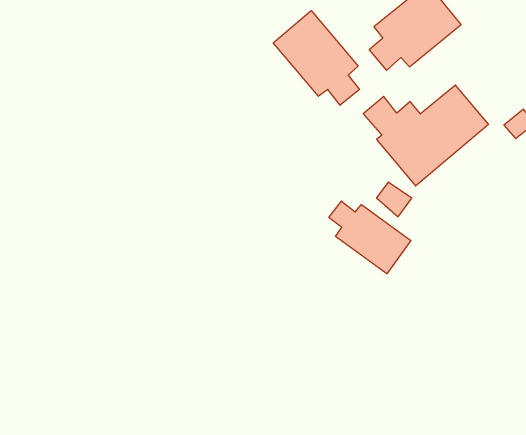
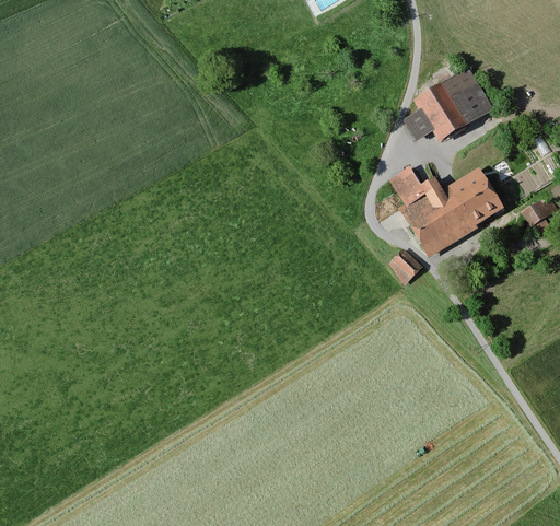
building: [273,11,360,105] -> none
building: [329,201,411,274] -> none

